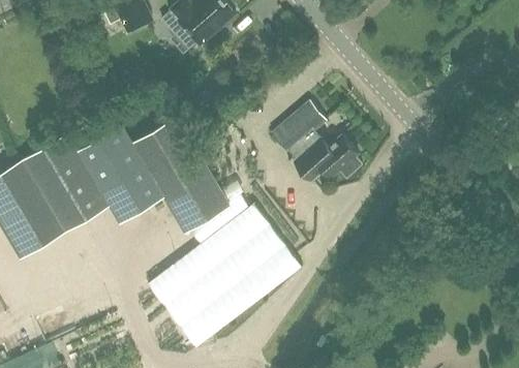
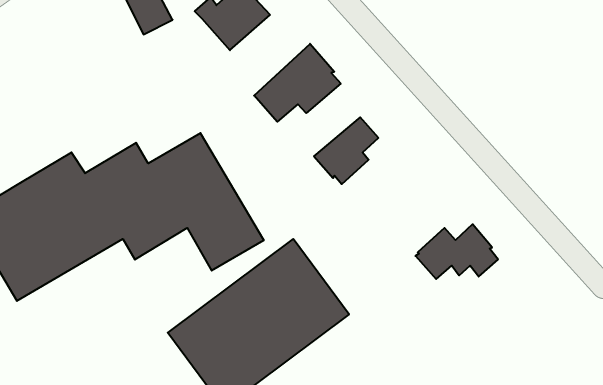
building: none -> [254,44,341,122]
building: [293,134,363,181] -> [415,224,498,279]

